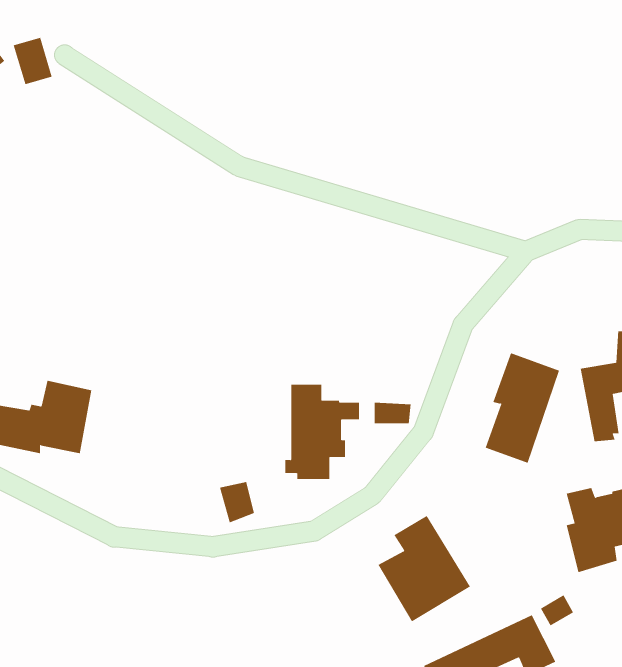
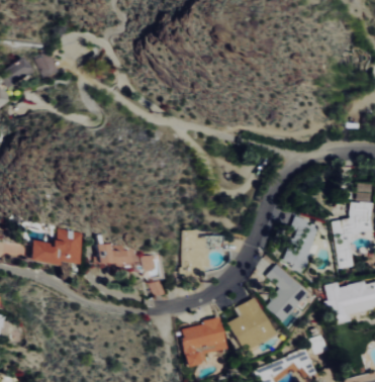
building: none -> [95,234,152,270]
building: none -> [265,264,309,321]
building: none -> [177,317,226,367]

